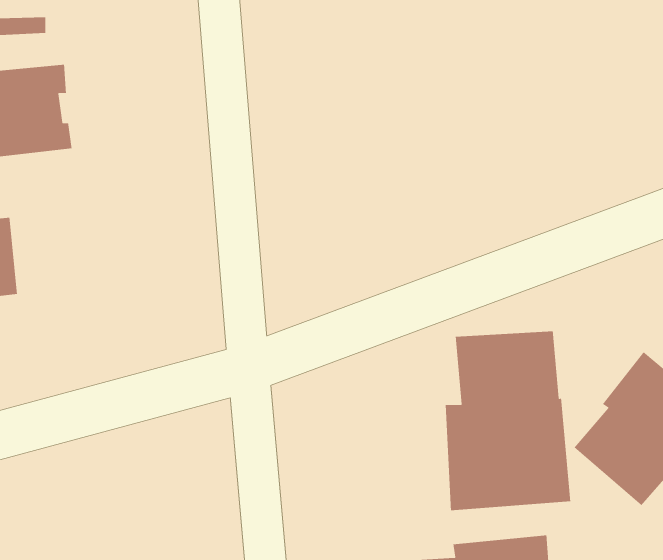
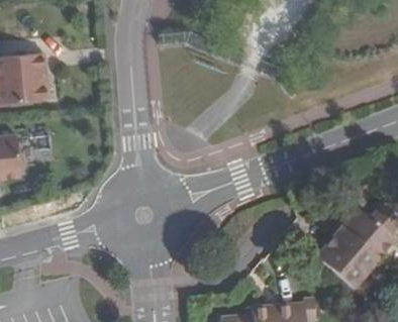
building: [445,330,571,511] -> none

